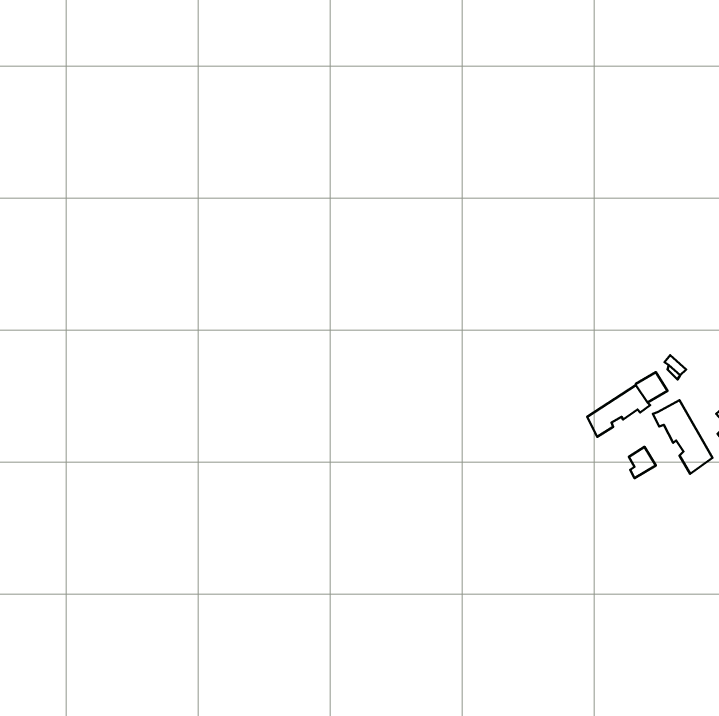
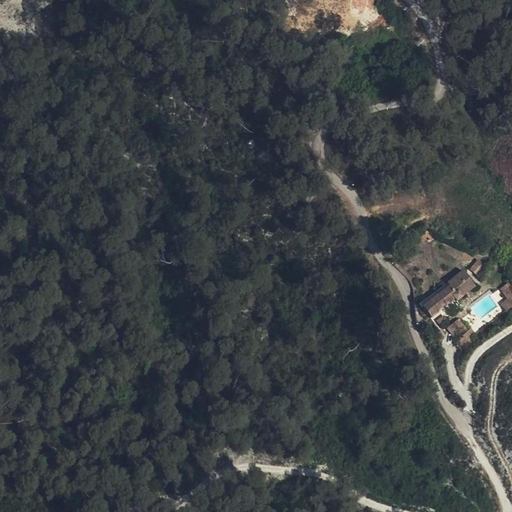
building: [653,400,713,474] -> none

